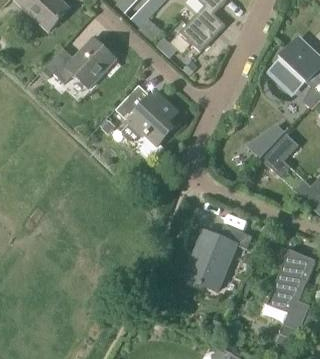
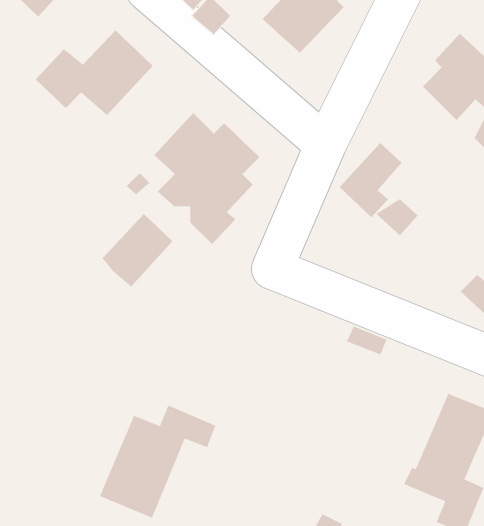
building: [262,132,299,176] -> [339,142,403,218]
building: none -> [102,213,173,288]
building: [184,223,252,289] -> [99,405,216,519]

